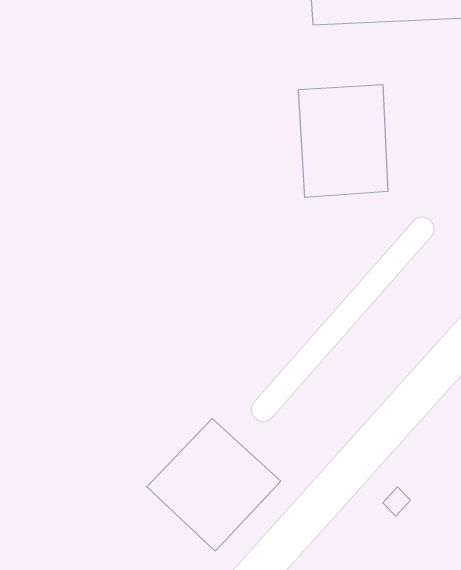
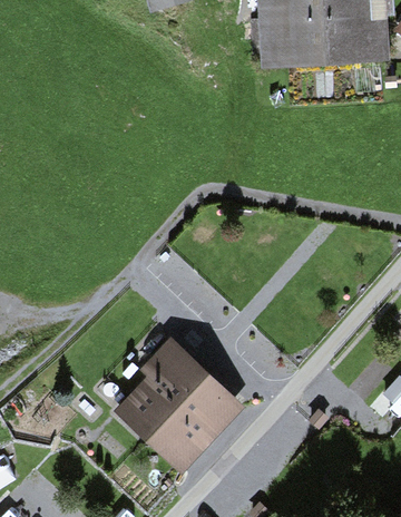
building: [298,85,388,197] -> none

